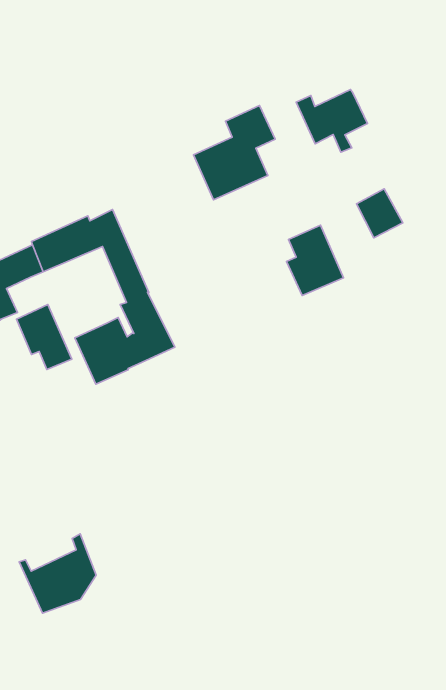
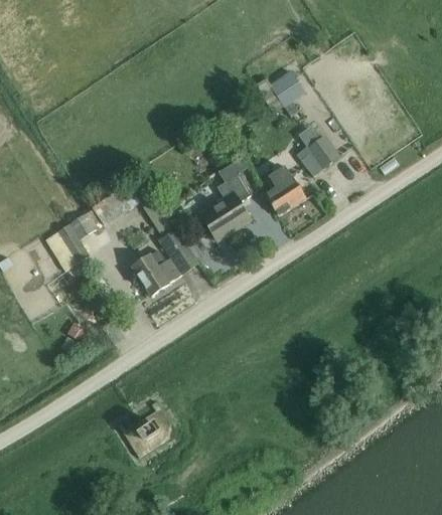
building: [194,105,275,200] -> [198,173,252,241]
building: [17,305,72,370] -> none

